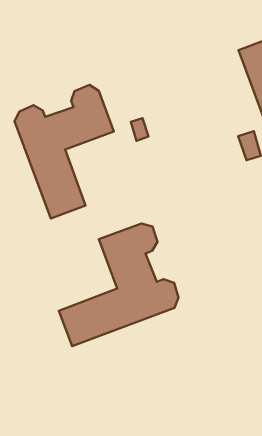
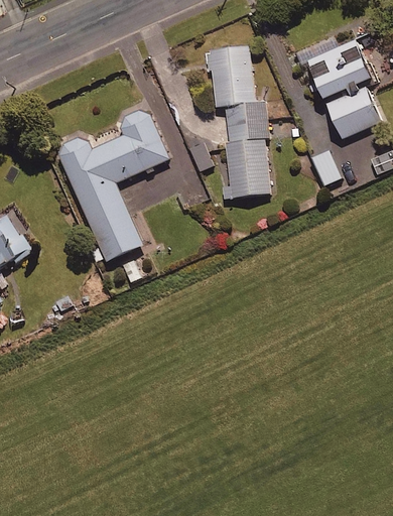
building: none -> [208,44,271,199]
building: [59,223,179,346] -> none

